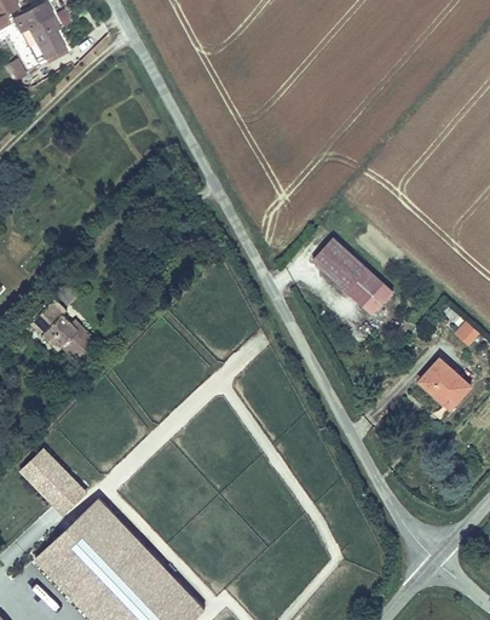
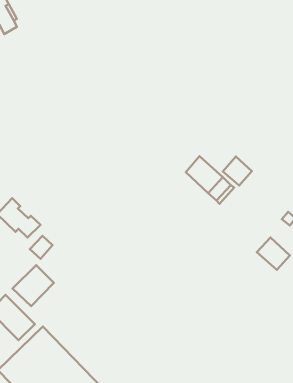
building: none -> [223,157,252,186]
building: none -> [30,236,52,259]
building: none -> [12,265,54,306]

